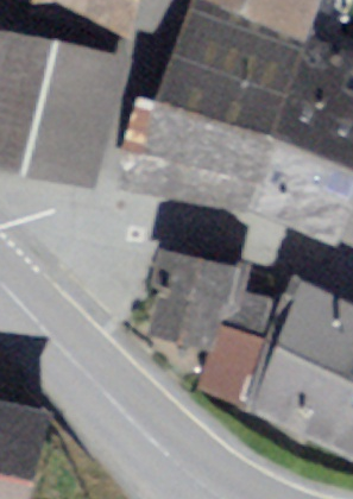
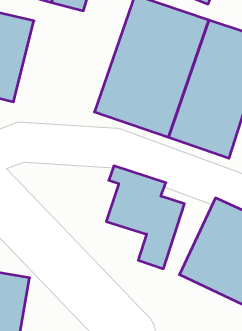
building: [24,42,116,171] -> none

